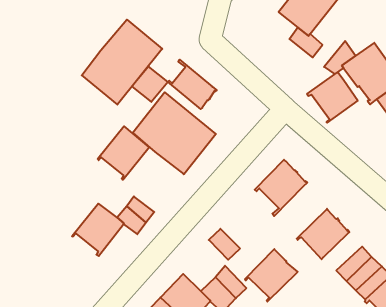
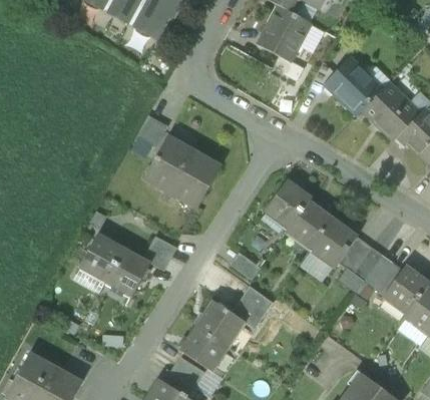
building: [82,20,162,105] -> none
building: [168,60,217,109] -> none
building: [307,73,358,123] -> none
building: [98,126,149,180] -> [79,234,124,283]
building: none -> [338,237,372,273]
building: [245,249,298,302] -> [287,201,334,250]

